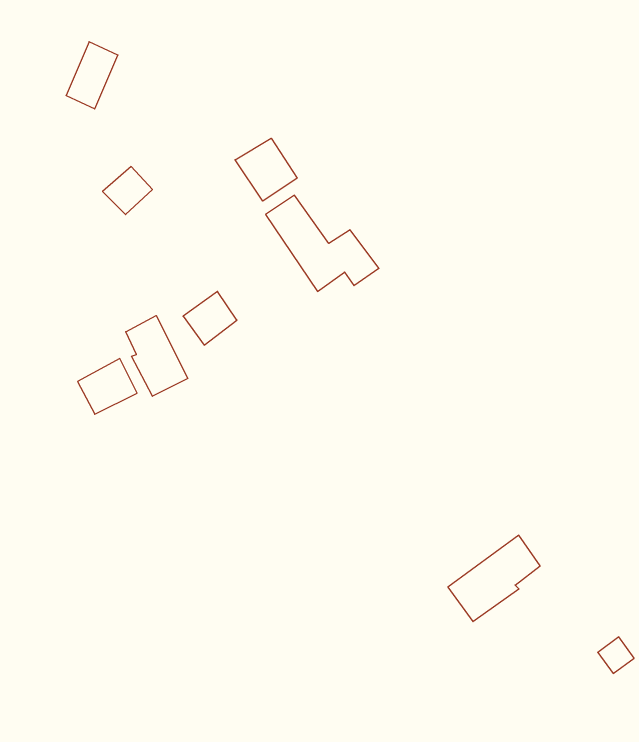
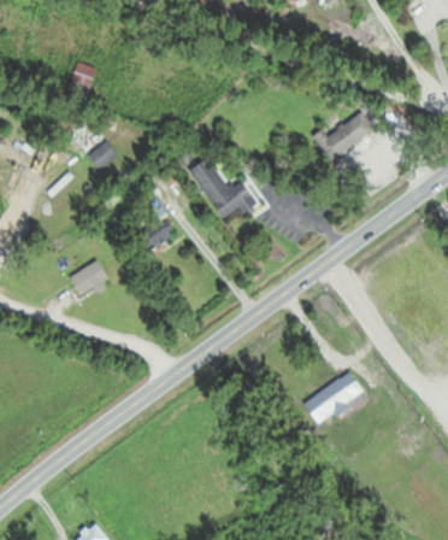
building: none -> [318,111,373,159]
building: [235,138,297,201] -> none
building: [126,316,188,396] -> none

